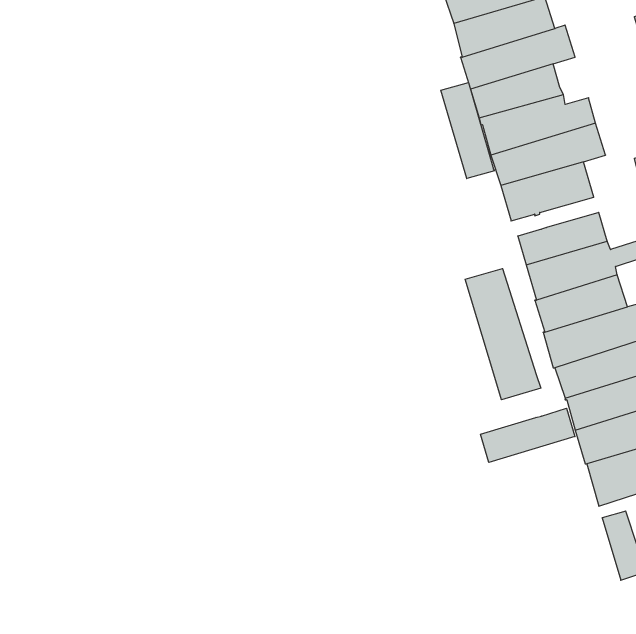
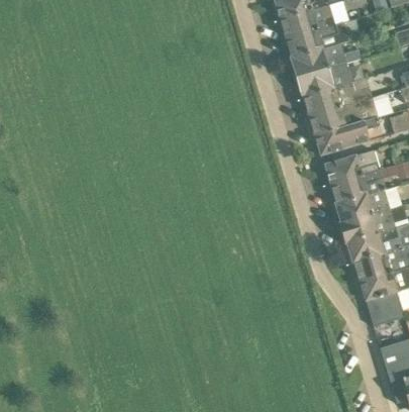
building: [441,82,494,179] -> none
building: [465,269,541,400] -> none
building: [480,408,575,462] -> none

